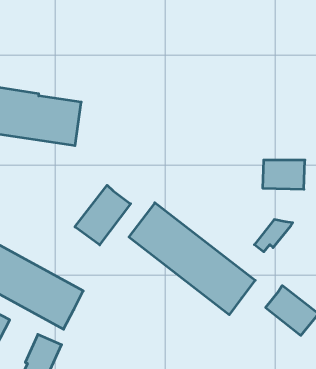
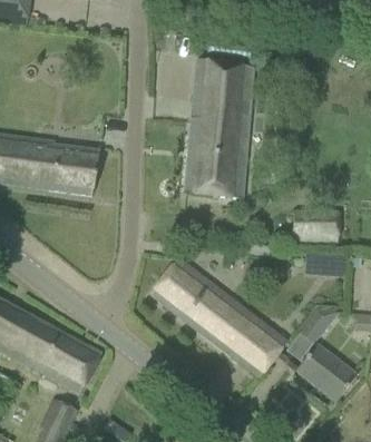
building: none -> [185,59,253,197]
building: [75,185,131,245] -> none
building: [254,220,293,252] -> [297,308,339,343]

